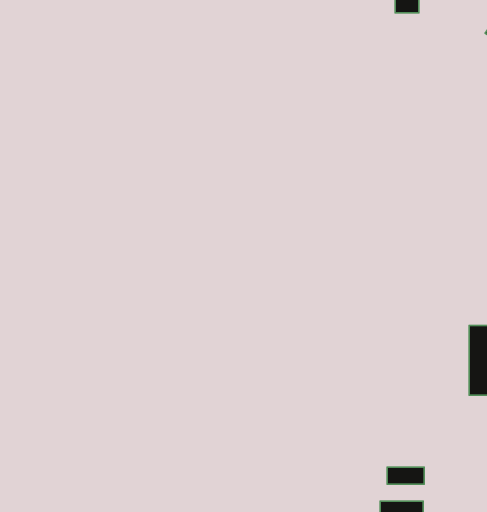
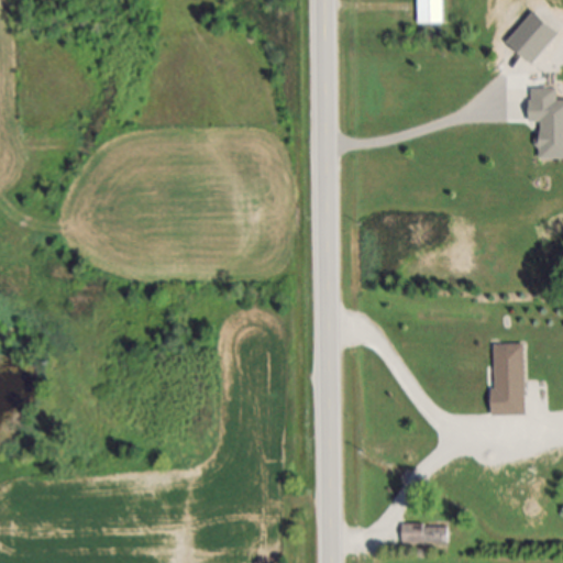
building: [387,467,424,484] -> none

